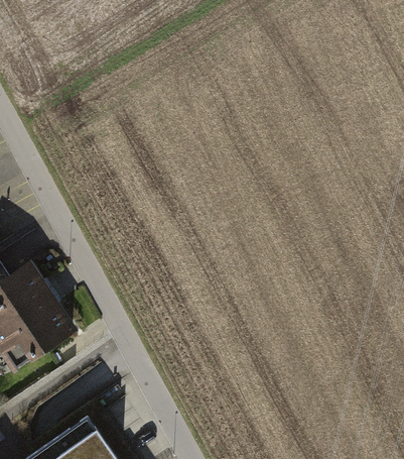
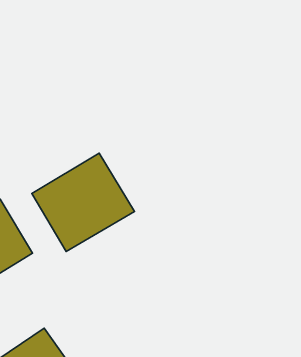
building: none -> [32,153,134,252]

